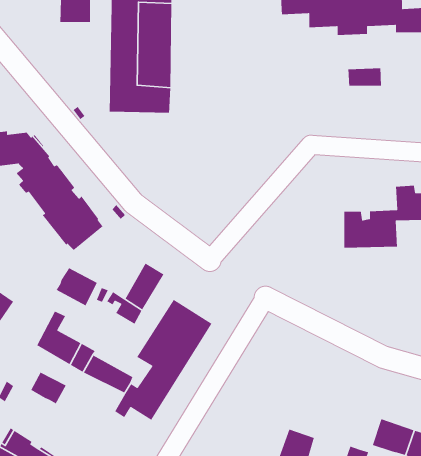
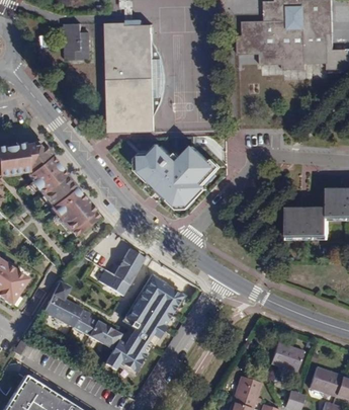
building: [347,67,382,87] -> none
building: none -> [142,147,213,204]
building: [55,267,98,306] -> none
building: [30,371,67,405] -> none
building: none -> [270,346,302,376]

